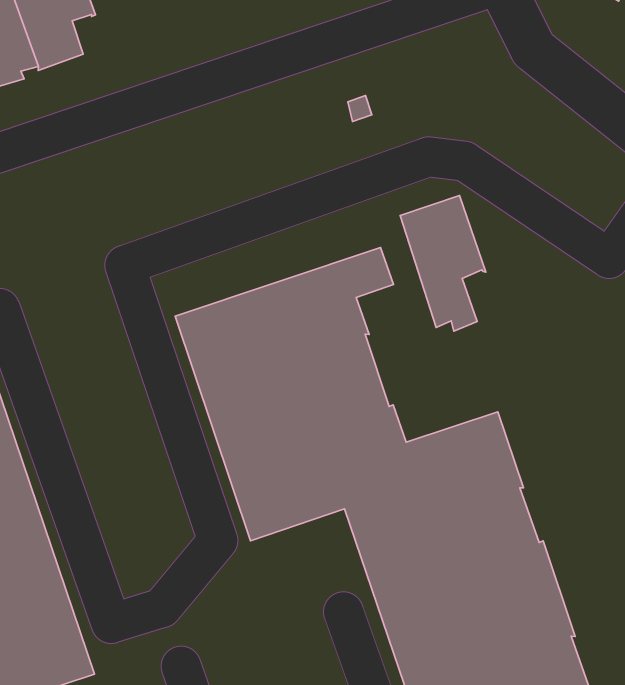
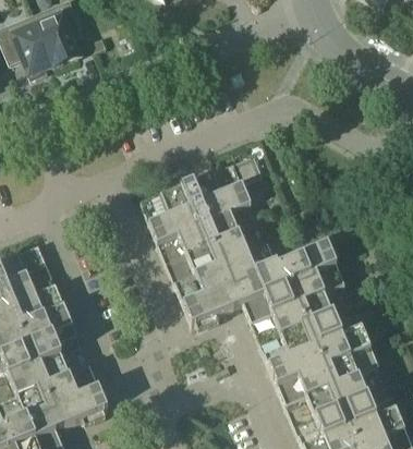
building: [400,195,486,331] -> none

